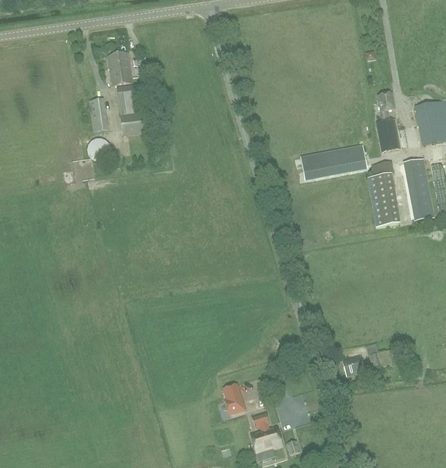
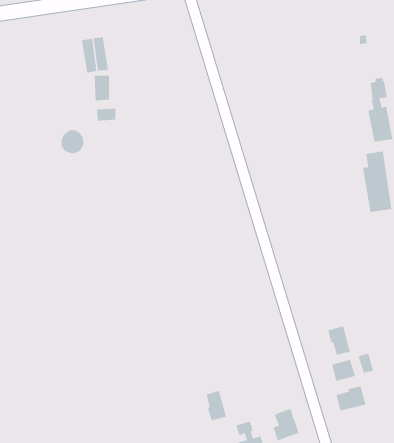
building: [92,97,107,130] -> none
building: [308,149,367,172] -> none
building: none -> [328,325,350,356]
building: none -> [336,386,366,412]

